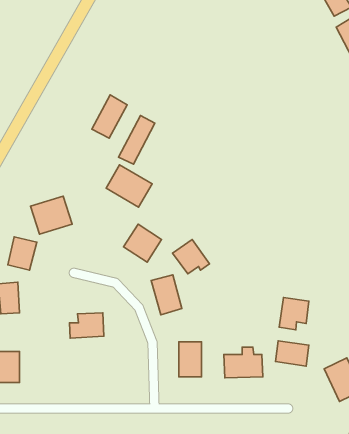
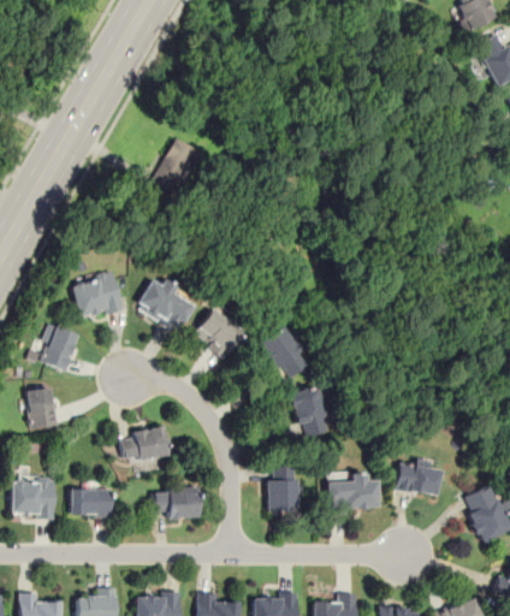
building: [118,115,155,164] -> none
building: [106,165,152,207] -> [135,277,196,333]
building: [151,275,182,315] -> [289,386,330,439]
building: [279,298,309,330] -> none
building: none -> [70,487,112,516]
building: none -> [154,488,198,517]

